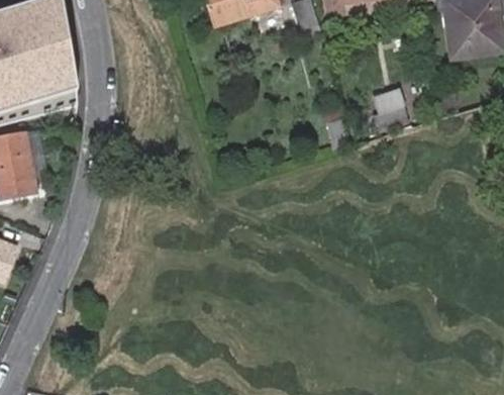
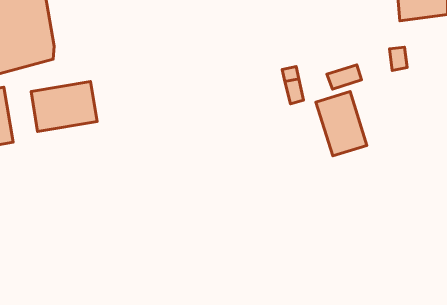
building: none -> [31,82,97,132]
building: none -> [316,92,367,156]

